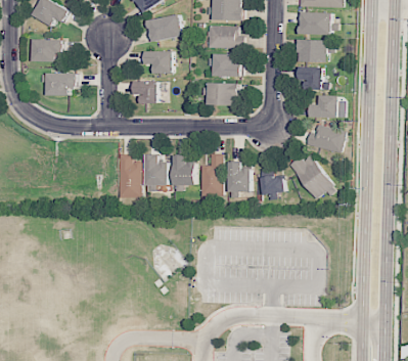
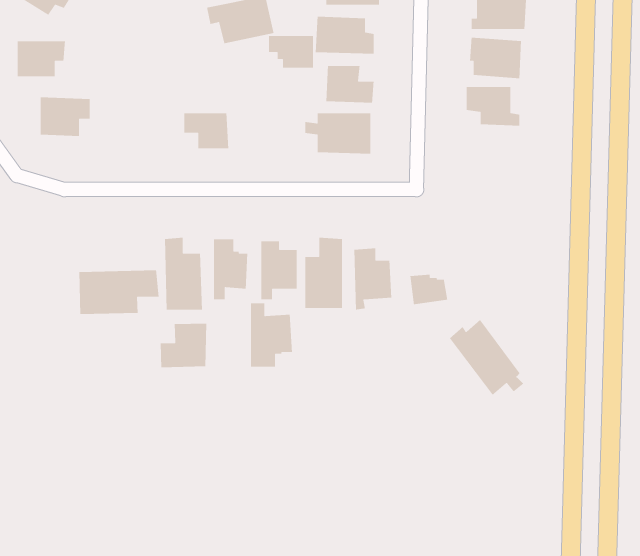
building: [144,52,171,72] -> [268,35,314,69]
building: [310,95,337,118] -> none
building: [304,125,343,153] -> none
building: [289,153,333,198] -> [449,319,524,396]
building: none -> [79,269,159,315]
building: none -> [250,303,293,368]
building: none -> [160,323,207,368]

